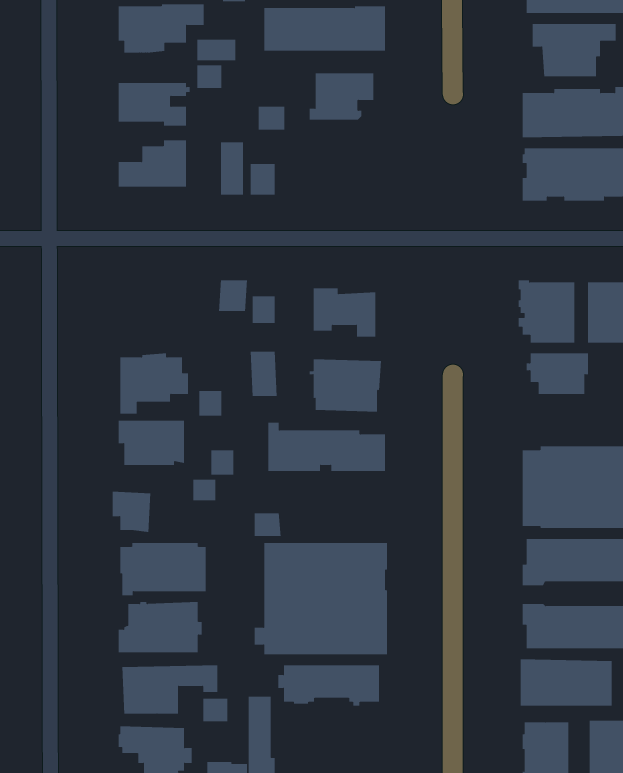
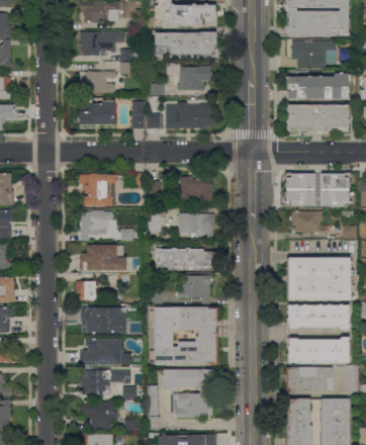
building: none -> [166,103,212,129]
building: none -> [79,173,115,205]
building: none -> [175,275,210,303]
building: none -> [172,393,212,418]

